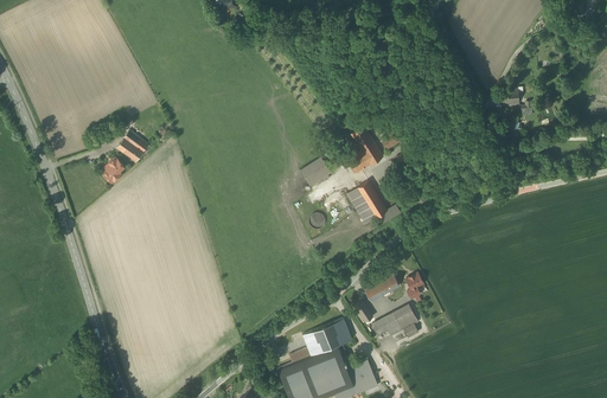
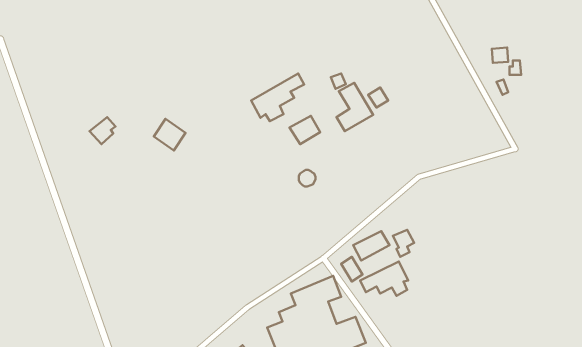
building: none -> [251,74,304,121]
building: [117,130,149,162] -> [154,119,185,151]
building: [345,180,402,225] -> none

